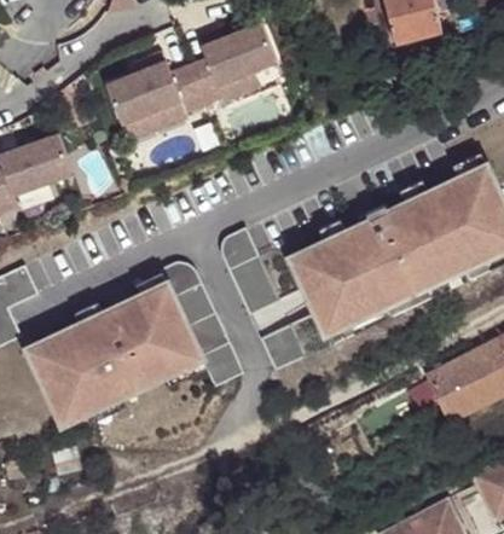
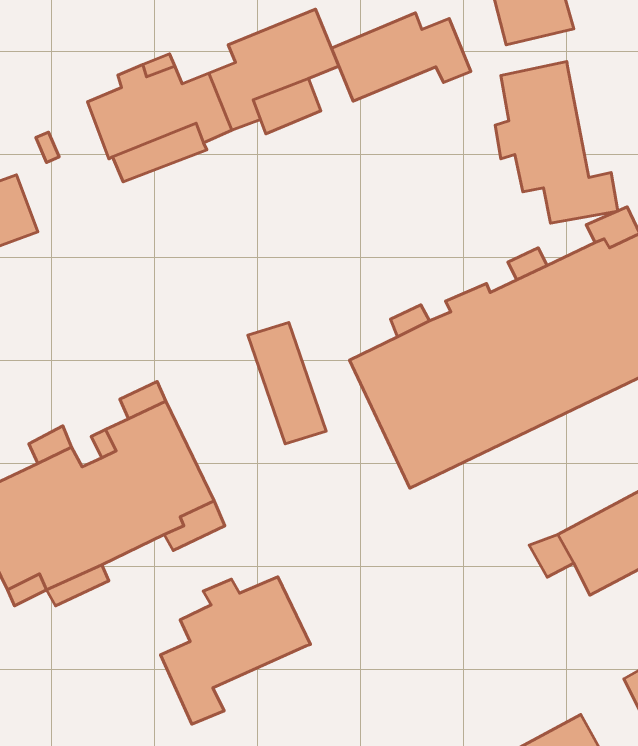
building: none -> [331,13,471,101]
building: none -> [495,61,618,223]
building: none -> [160,577,310,724]

